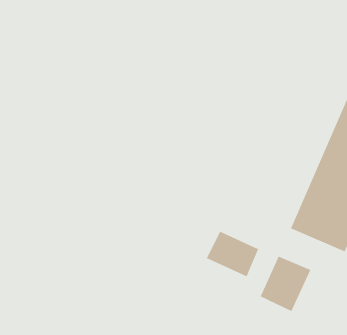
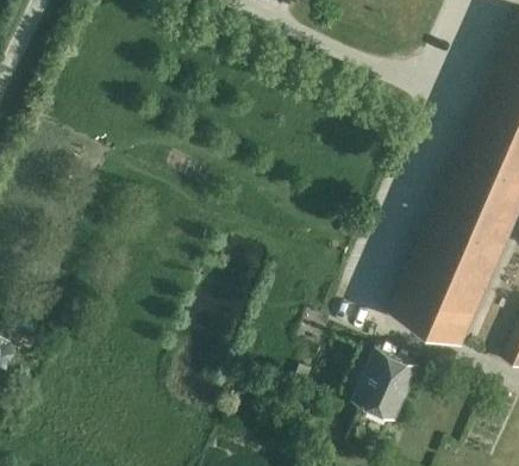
building: [206,231,259,277] -> none

